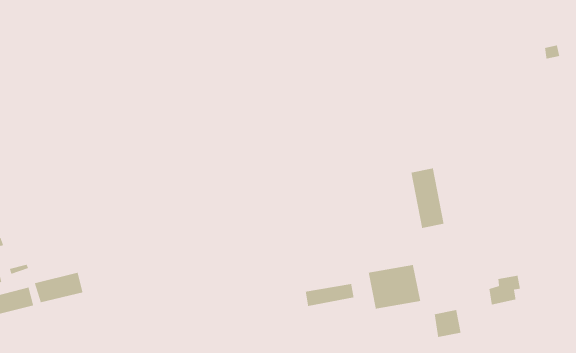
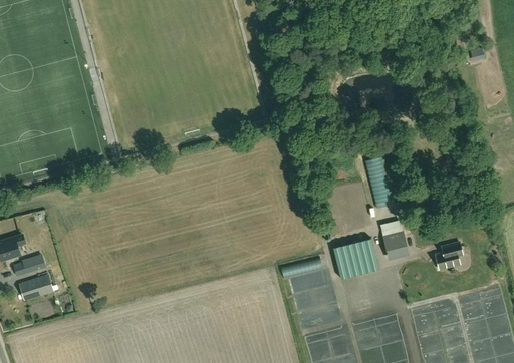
building: [34,272,83,303] -> none
building: [434,309,462,338] -> [382,231,407,256]

